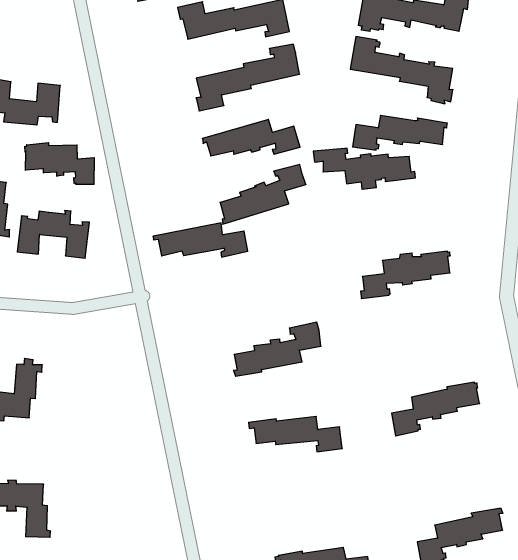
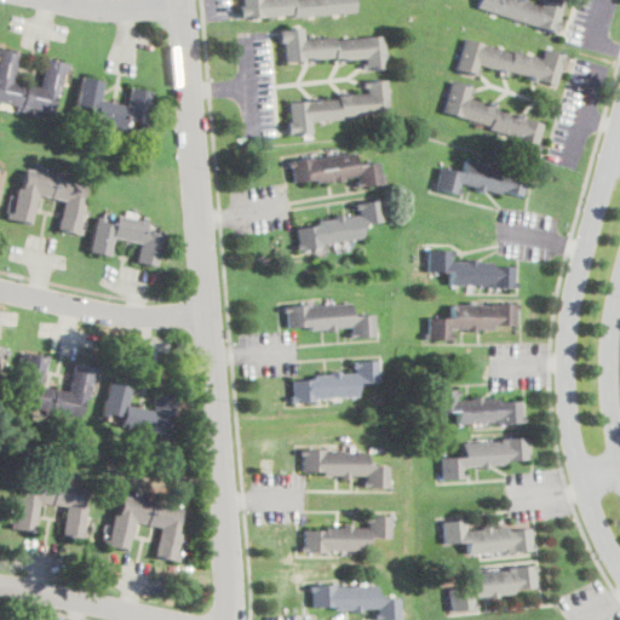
building: [25,143,94,184] -> none
building: [313,148,415,189] -> [420,249,518,293]
building: [153,223,248,257] -> [282,303,374,337]
building: none -> [434,389,526,425]
building: none -> [102,381,179,436]
building: none -> [442,519,535,555]
building: none -> [300,515,391,552]
building: none -> [104,495,183,562]

